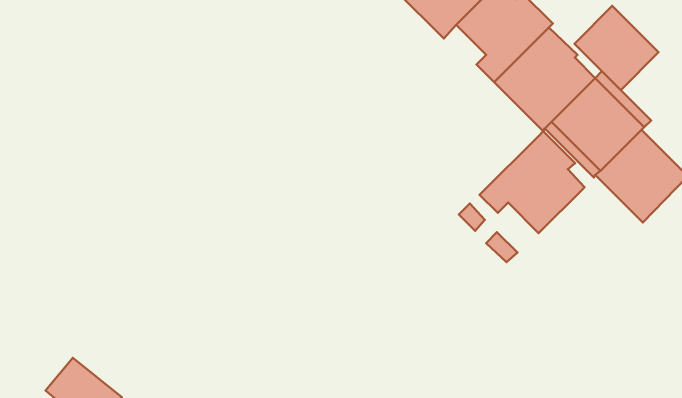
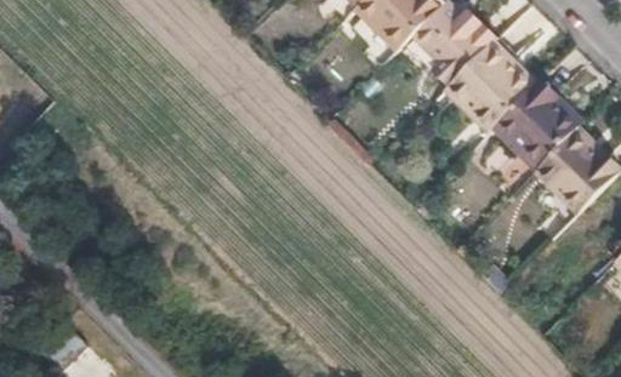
building: [574,6,659,90] -> none
building: [480,131,584,233] -> none

